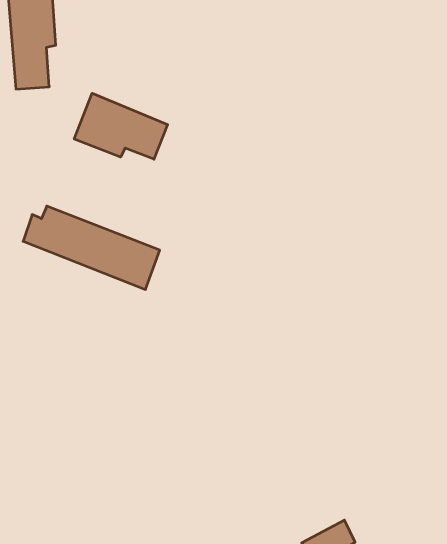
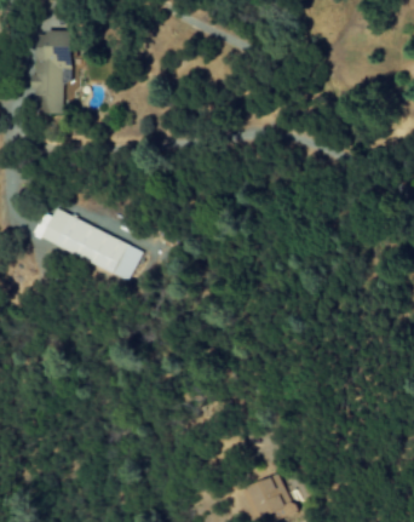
building: [74,93,168,159] -> none

